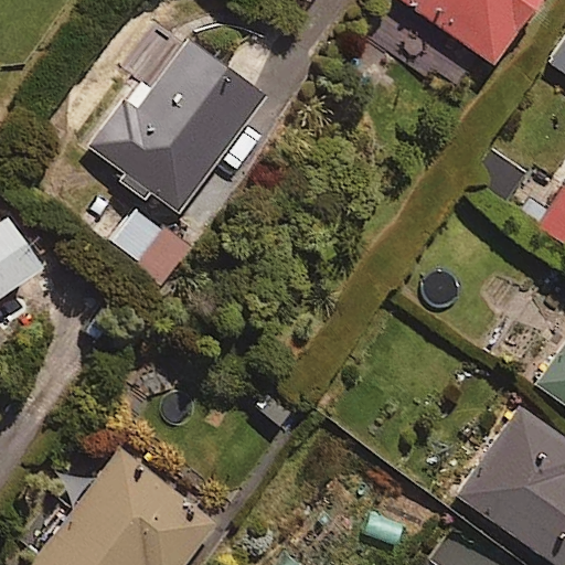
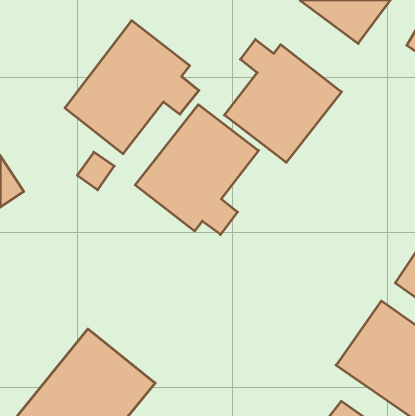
building: none -> [224,39,342,162]
building: none -> [135,105,259,235]

